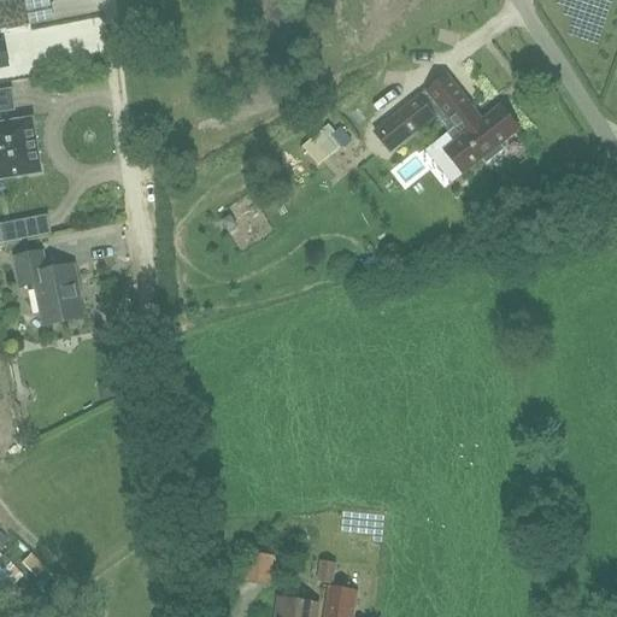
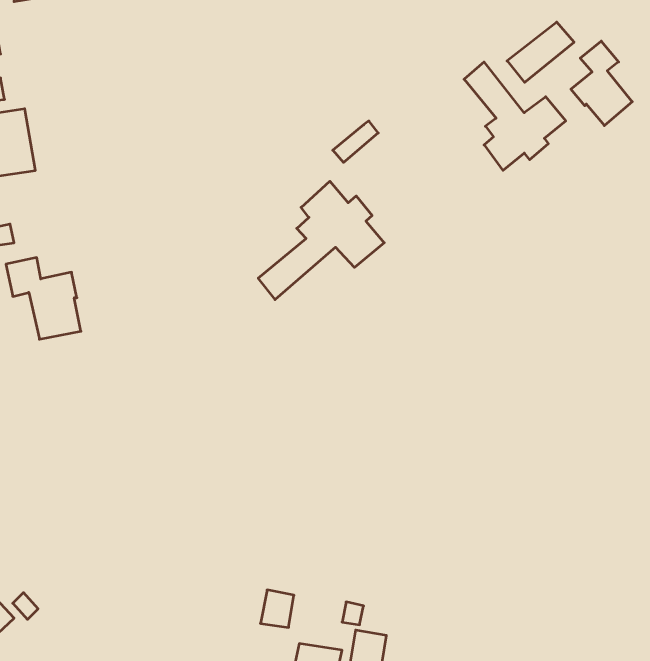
building: none -> [571,41,632,126]
building: [372,95,433,149] -> [507,22,574,82]
building: none -> [258,181,384,300]

